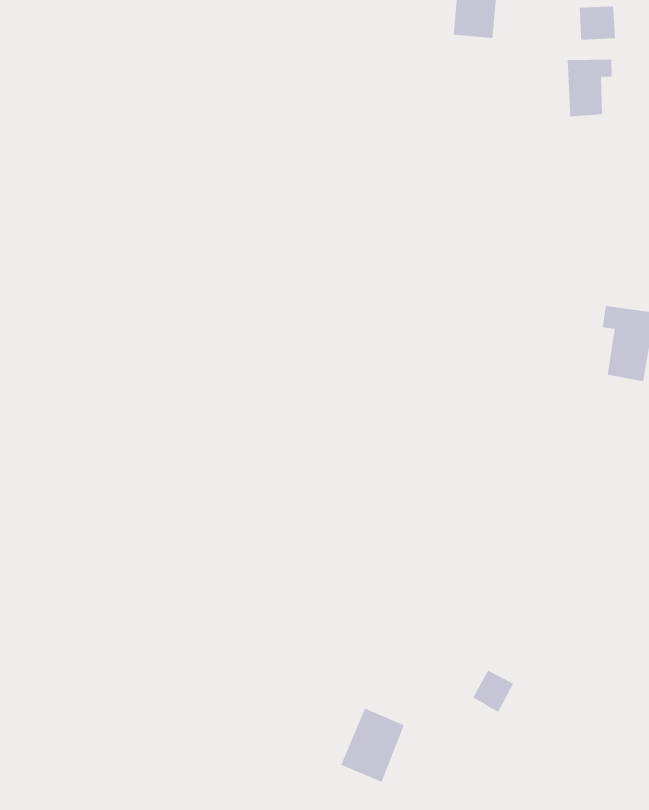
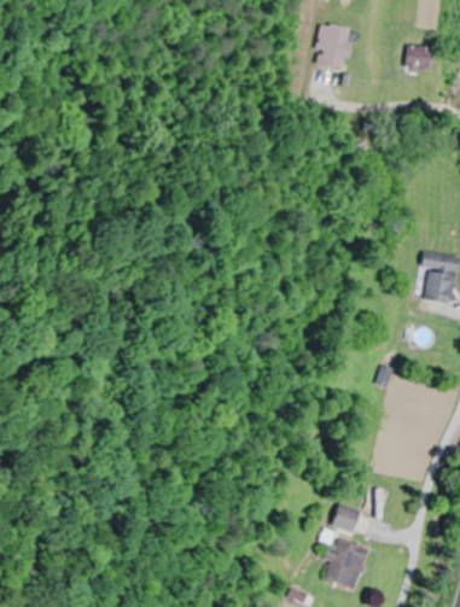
building: [567,59,613,117] -> none
building: [340,707,405,783] -> [324,538,368,590]

